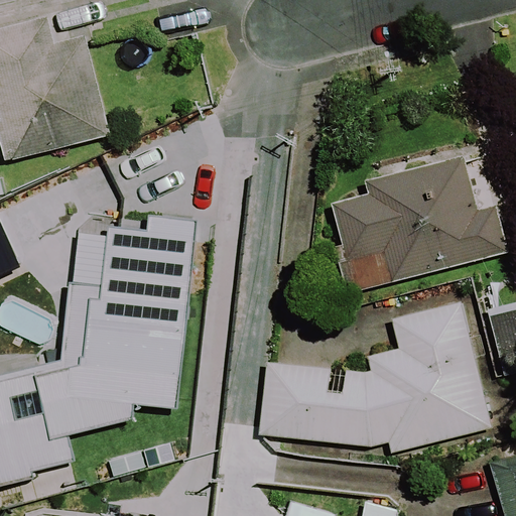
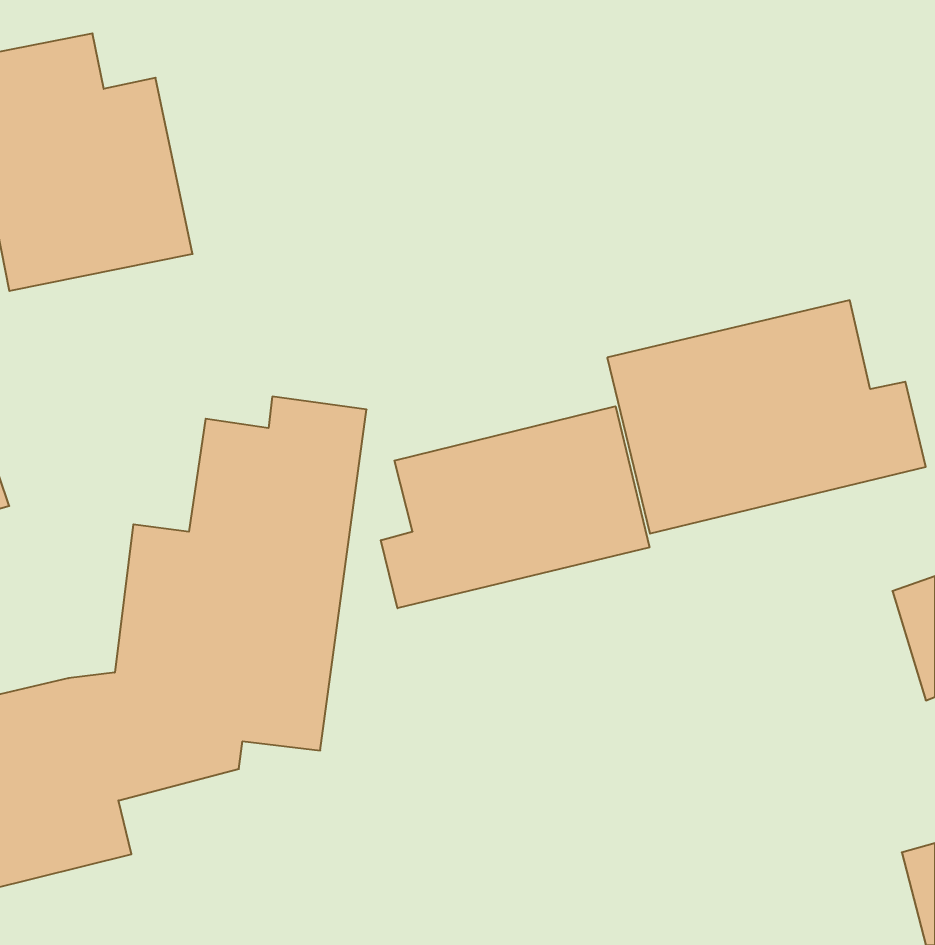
building: none -> [381,406,649,608]
building: [261,304,488,448] -> none

